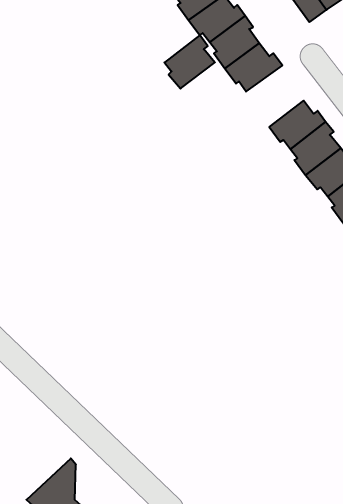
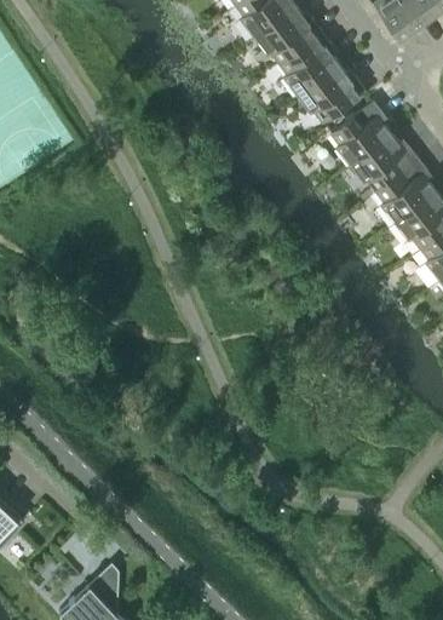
building: [164,35,215,89] -> [330,101,391,165]

